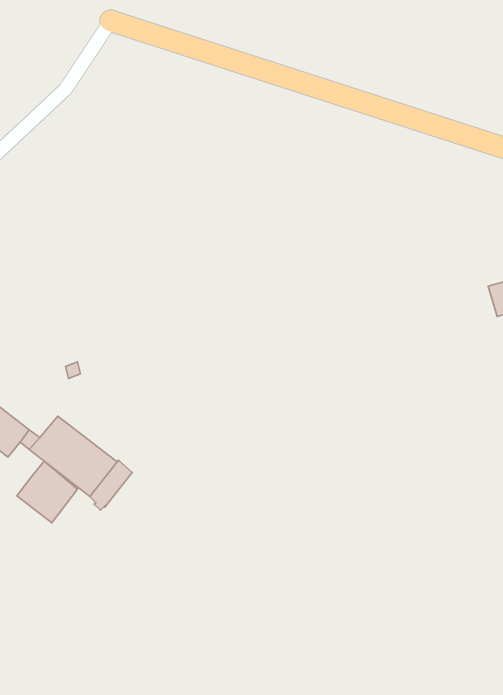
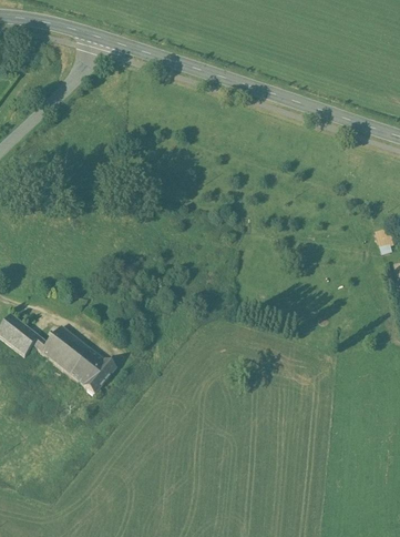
building: [17,461,78,523] -> none

